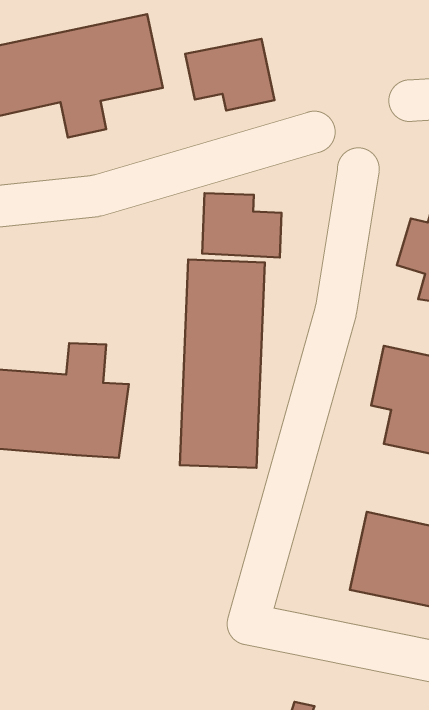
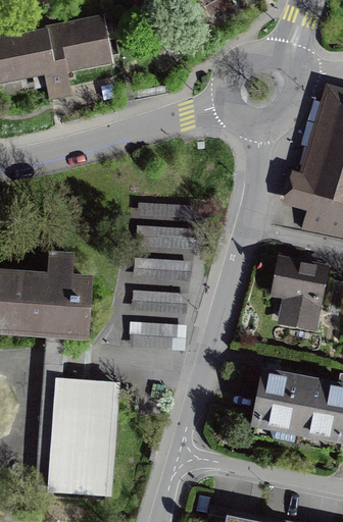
building: [185,39,275,111] -> none
building: [202,193,282,258] -> none
building: none -> [48,381,119,498]

